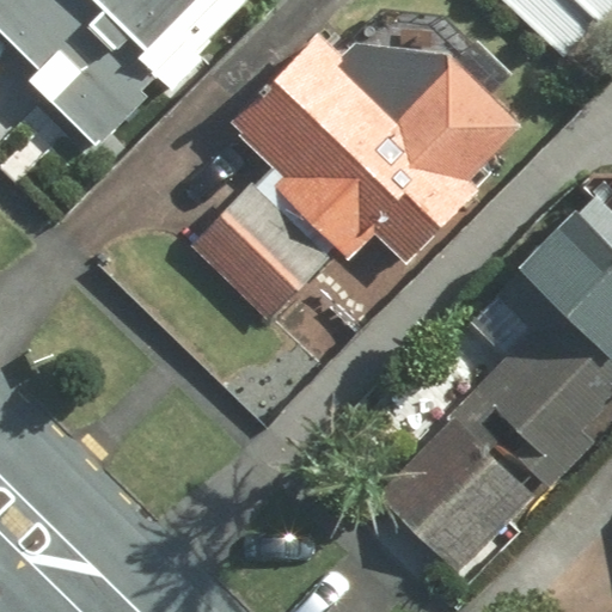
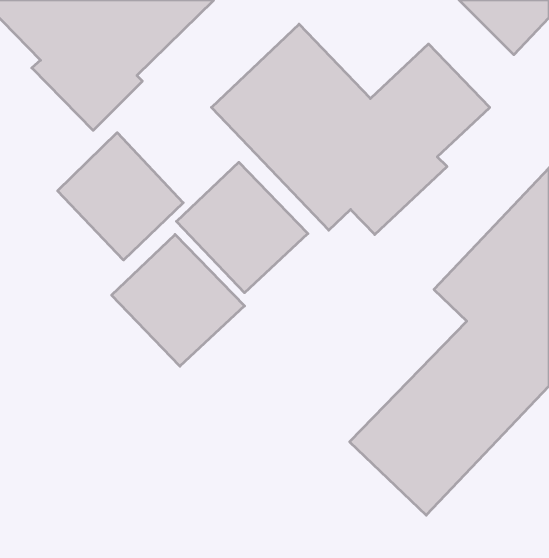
building: none -> [58,133,183,260]
building: none -> [112,234,245,366]

